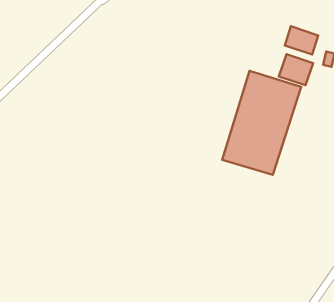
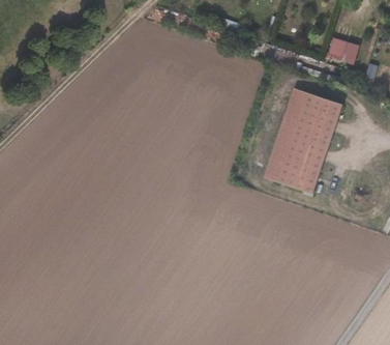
building: [279,54,313,85] -> none

